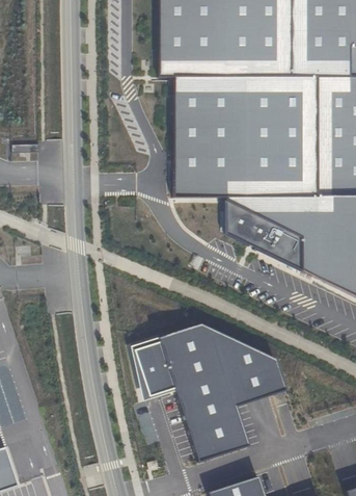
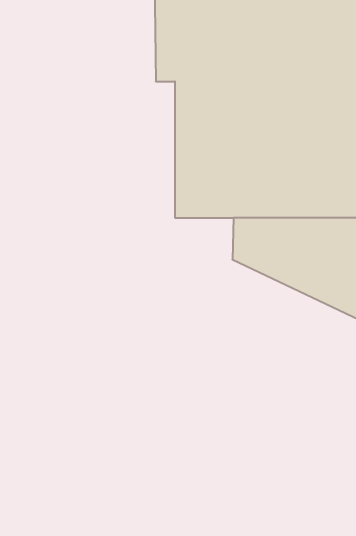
building: [133,323,283,459] -> none

